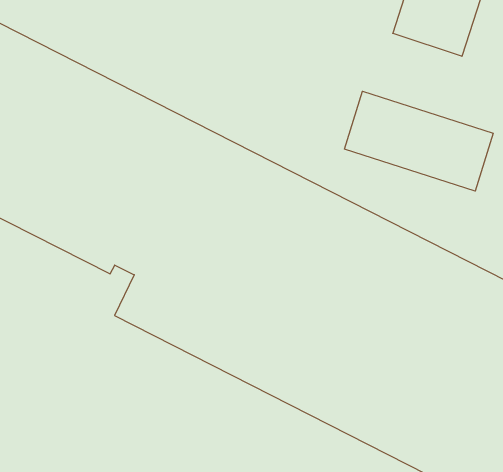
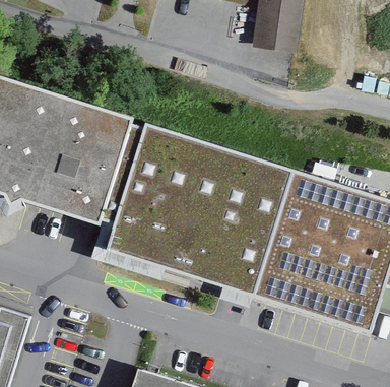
building: [345,91,493,191] -> none

